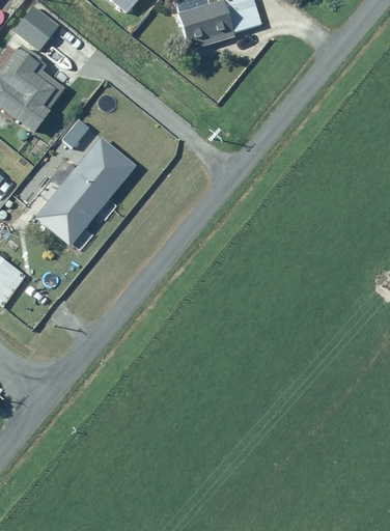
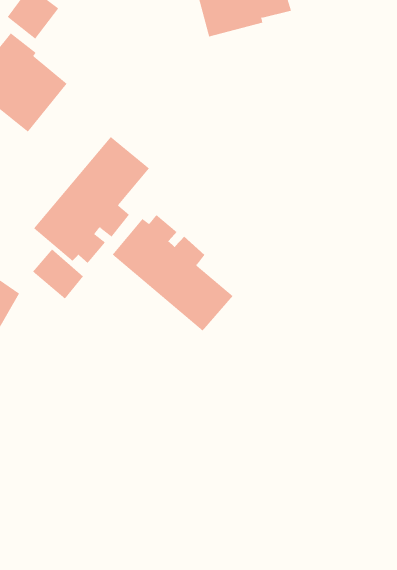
building: none -> [112,214,233,331]
building: none -> [32,248,84,300]

